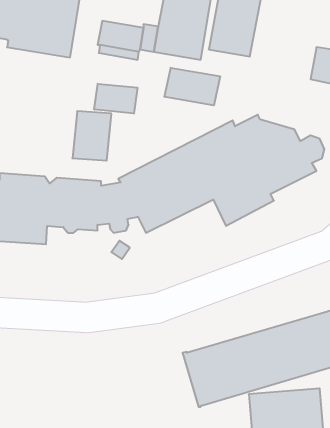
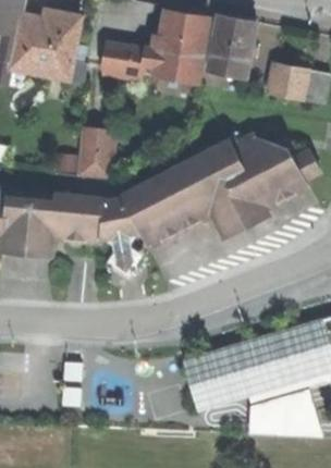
building: none -> [267,61,308,99]
building: [165,68,220,105] -> none
building: [94,84,137,114] -> none

